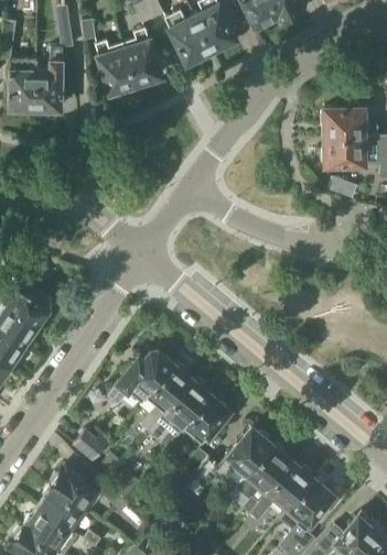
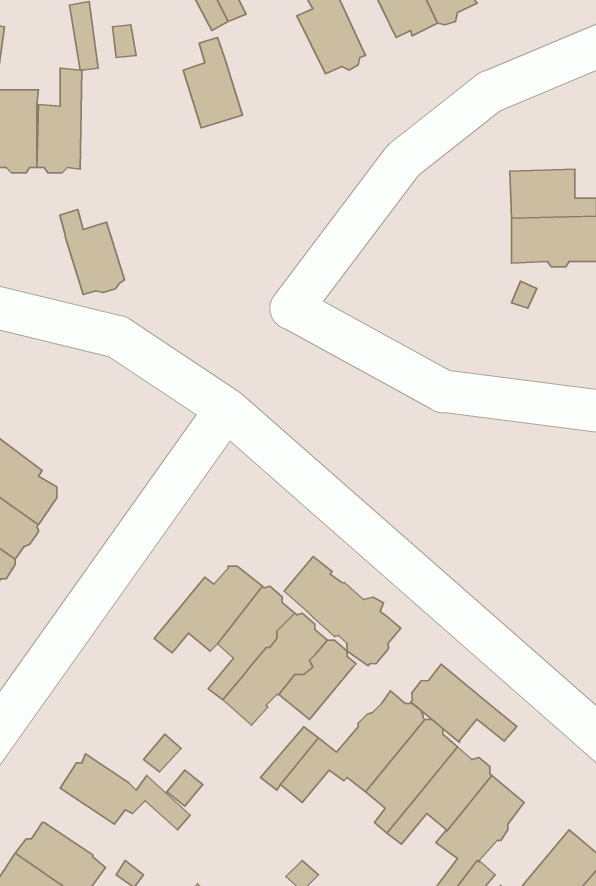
building: [166,12,212,64] -> none
building: [96,42,136,94] -> [60,210,125,294]
building: none -> [284,556,401,666]
building: none -> [411,664,517,742]
building: [72,431,109,464] -> none
building: [39,488,83,529] -> none

